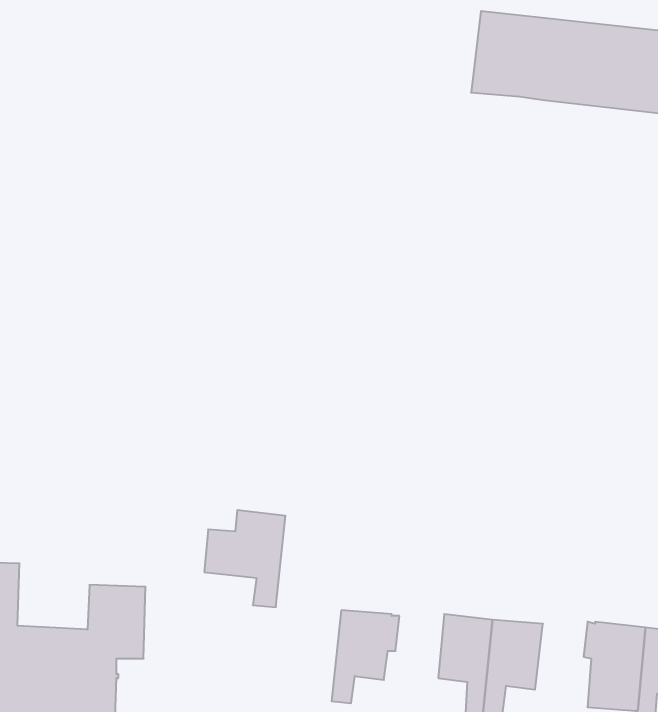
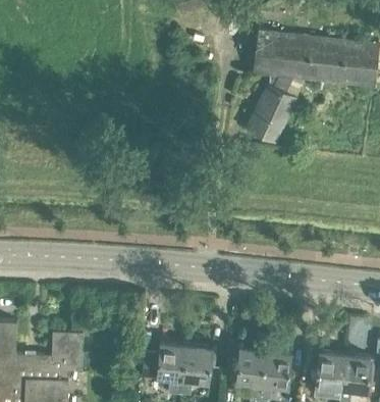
building: none -> [249,76,296,141]
building: [204,510,286,607] -> [143,343,185,394]

